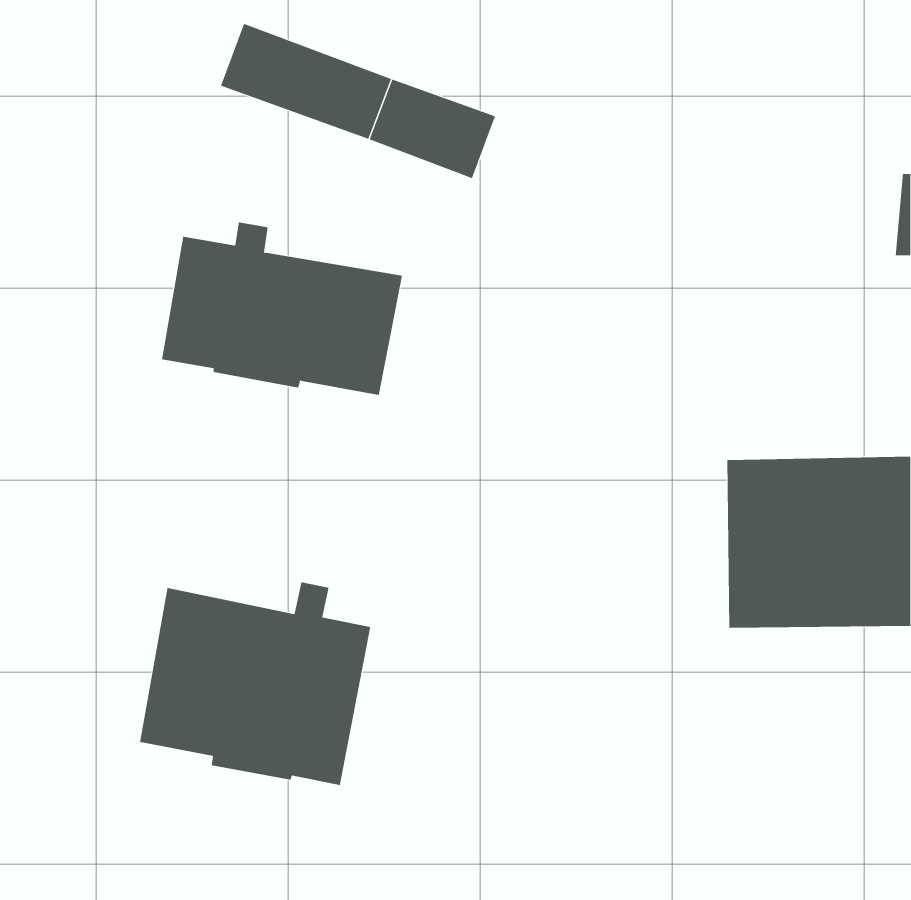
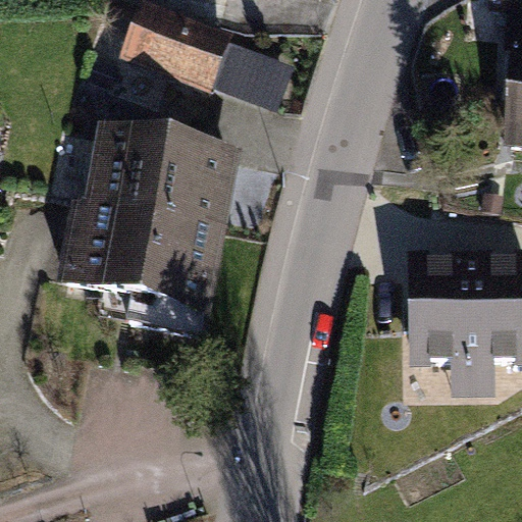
building: none -> [66,205,216,331]
building: [140,581,371,786] -> none

